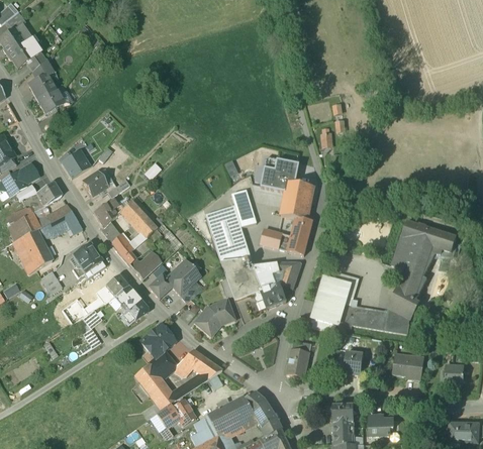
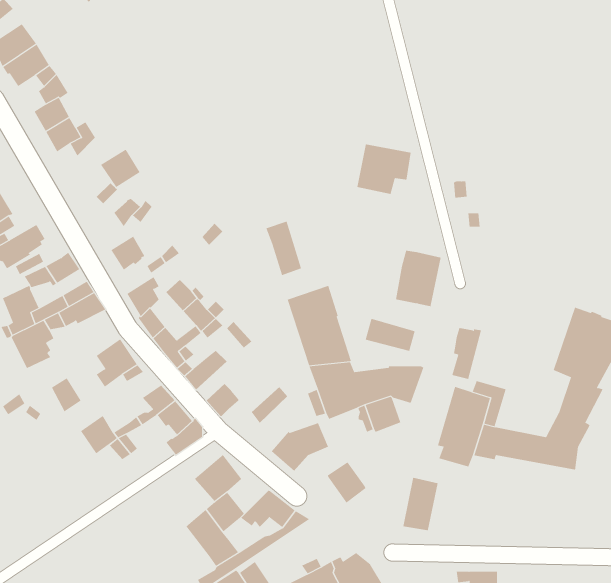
building: [61,149,89,177] -> [100,149,141,188]
building: [261,156,299,192] -> [357,144,412,195]
building: [230,189,256,227] -> [266,221,302,276]
building: [291,218,312,254] -> [452,327,482,379]
building: [23,242,55,272] -> none
building: [167,260,200,294] -> none
building: none -> [327,461,366,503]
building: [344,351,363,374] -> none
building: [392,353,423,378] -> none

